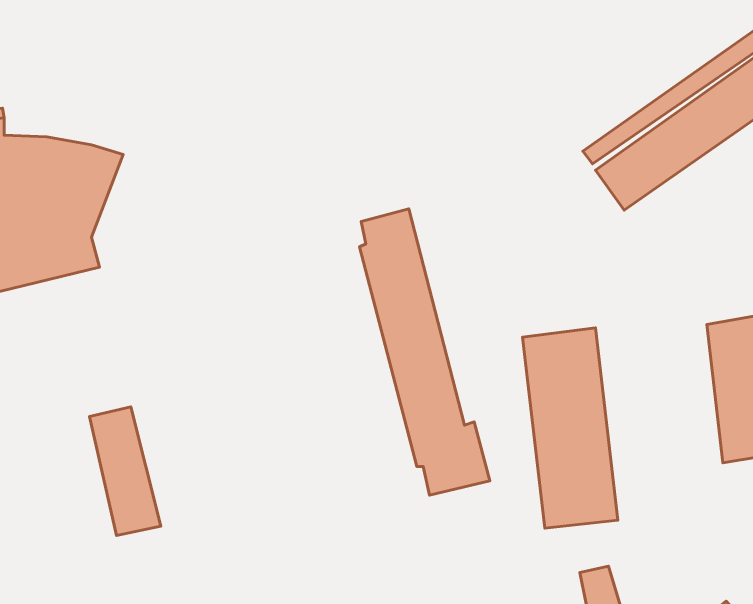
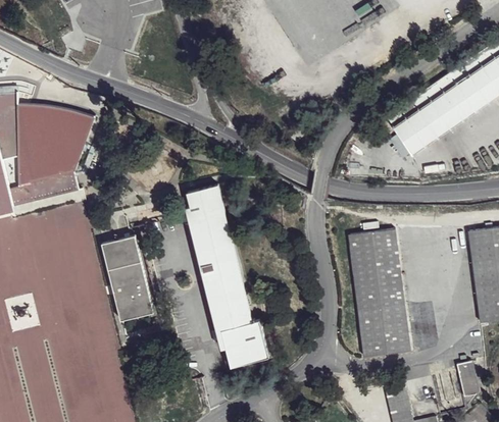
building: [360,209,490,495] -> [187,188,270,371]
building: [89,407,161,536] -> [103,239,149,321]
building: none -> [457,356,479,391]

